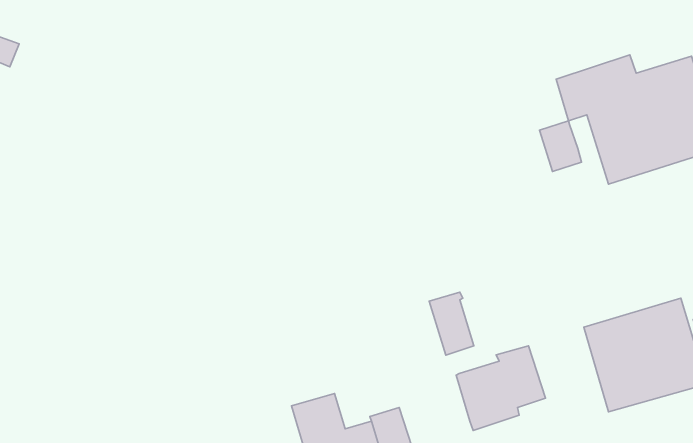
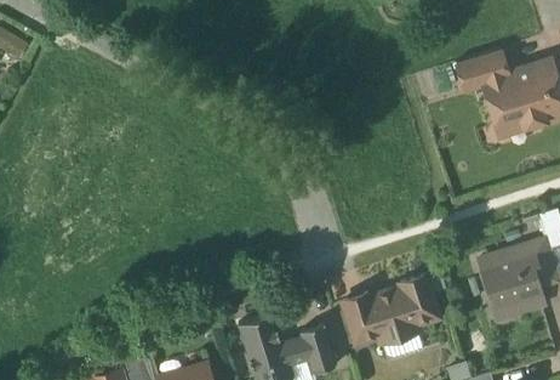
building: [539,121,582,172] -> none
building: [429,292,474,355] -> [345,293,381,342]

